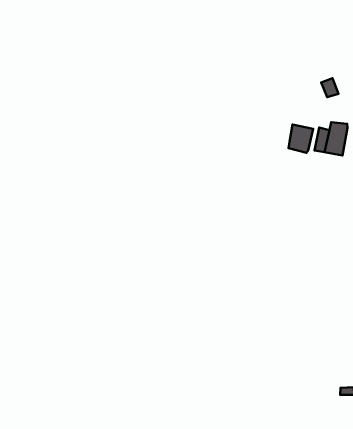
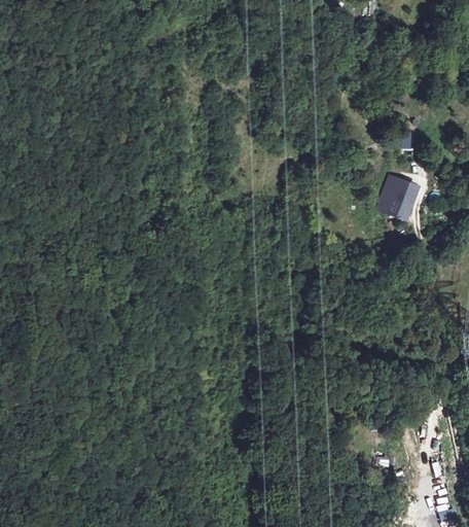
building: [289,124,313,153] -> none

